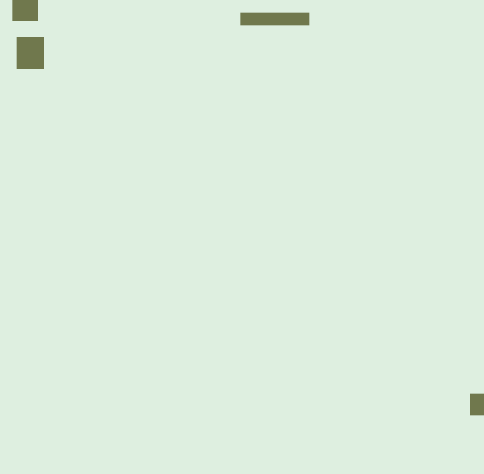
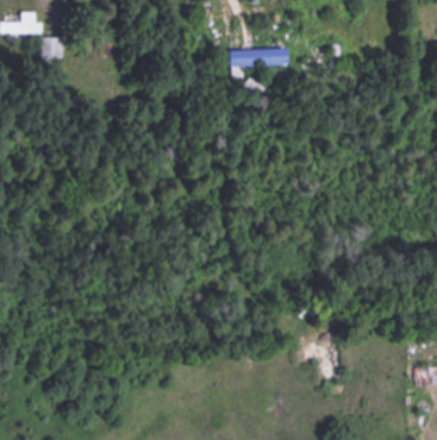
building: [16,36,45,70] -> none

